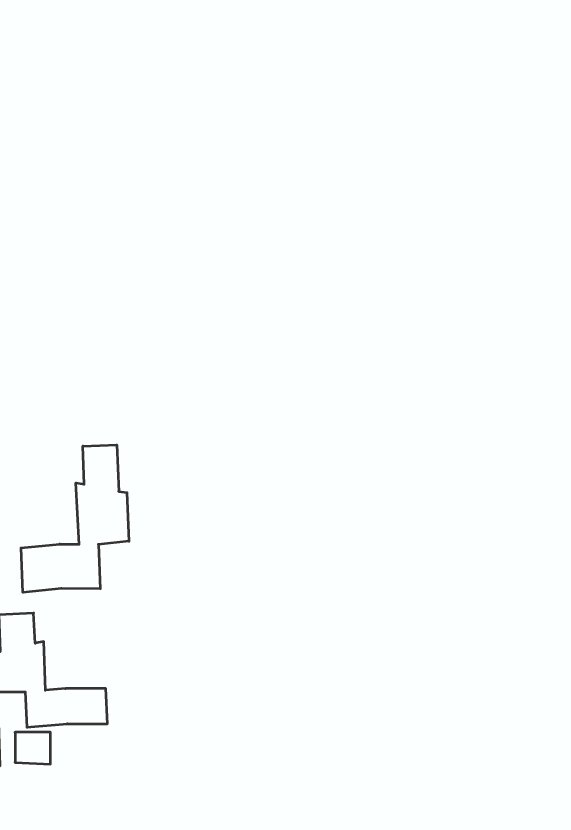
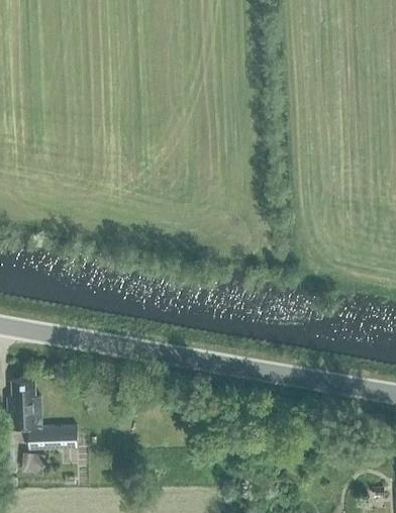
building: [21,445,129,592] -> none

